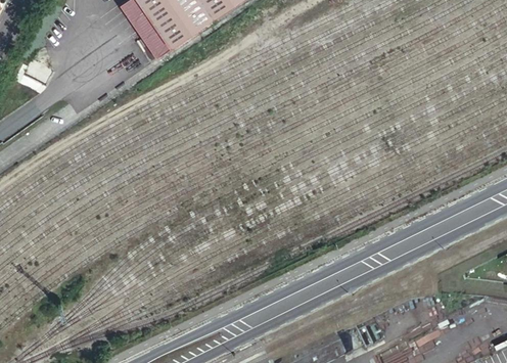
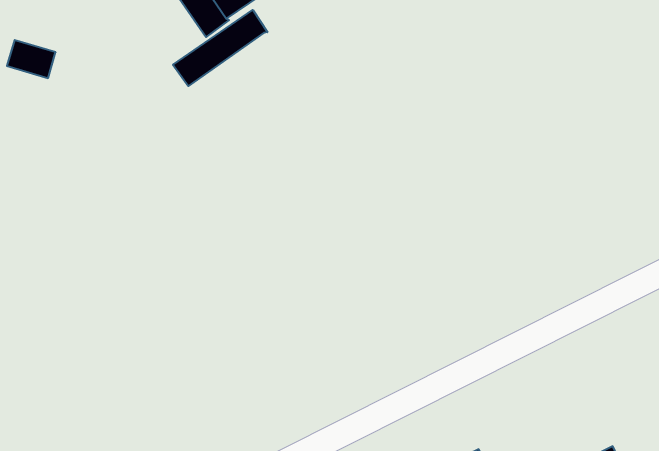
building: none -> [173,10,267,86]

